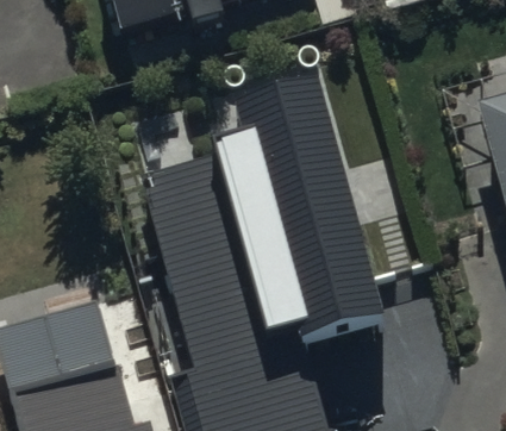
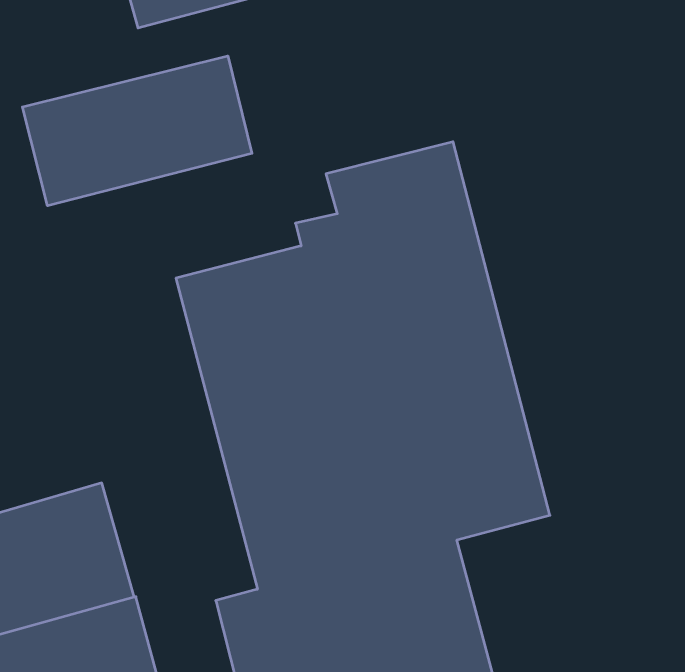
building: none -> [22,56,252,206]

